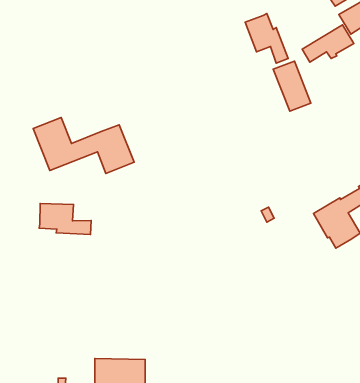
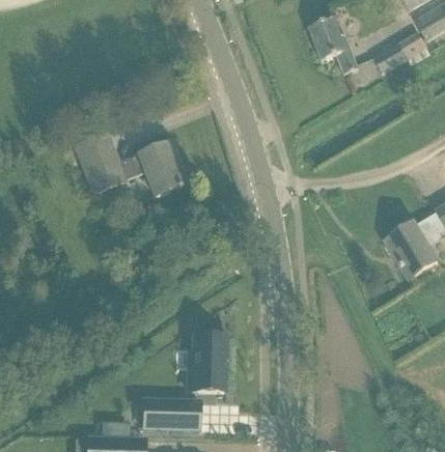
building: [273,61,311,111] -> none
building: [39,204,91,234] -> none
building: none -> [187,330,224,392]

